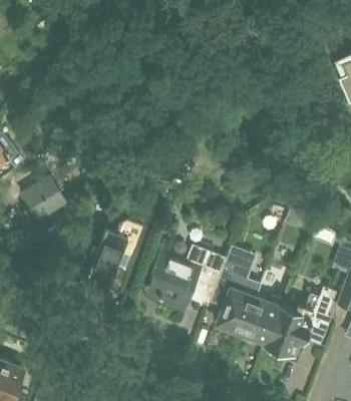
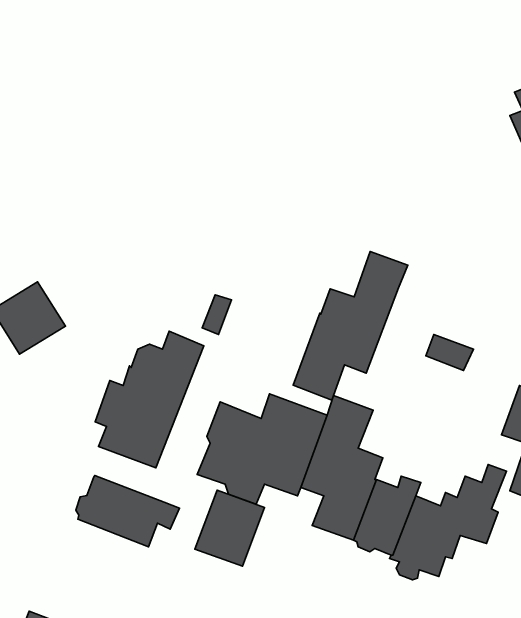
building: none -> [293,251,408,400]
building: none -> [76,476,179,547]
building: none -> [195,490,265,566]

